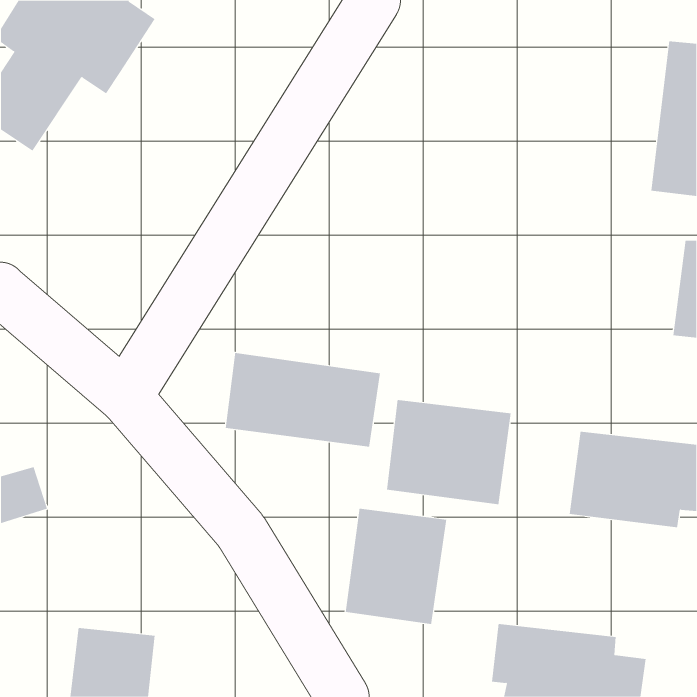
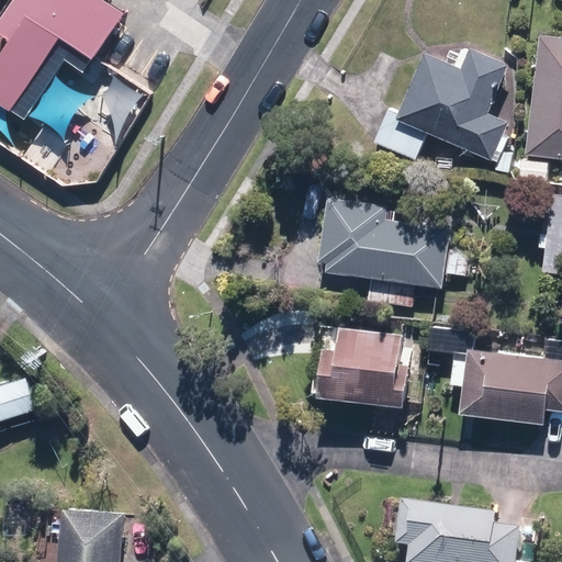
building: none -> [372,44,508,161]
building: none -> [316,196,451,289]
building: [225,352,381,448] -> none
building: [345,508,447,625] -> none

